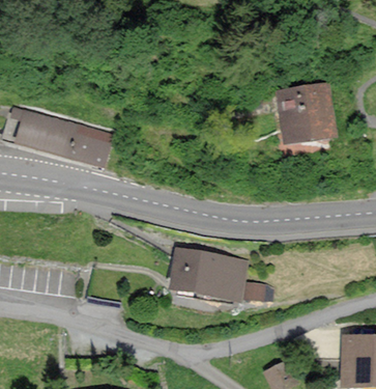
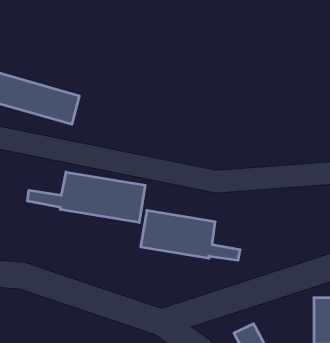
building: [277,84,331,139] -> none
building: none -> [27,172,145,223]

